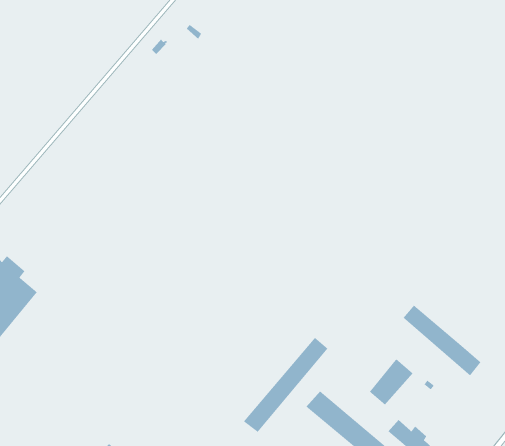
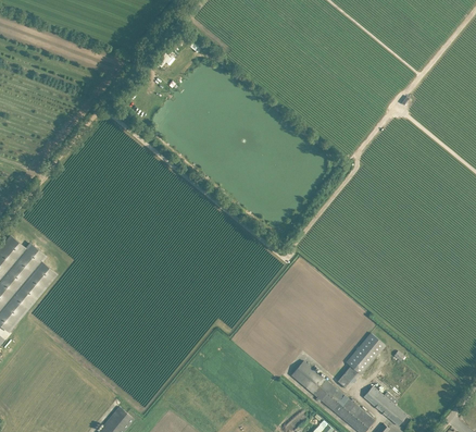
building: [402,304,481,376] -> none
building: [243,337,329,433] -> none

